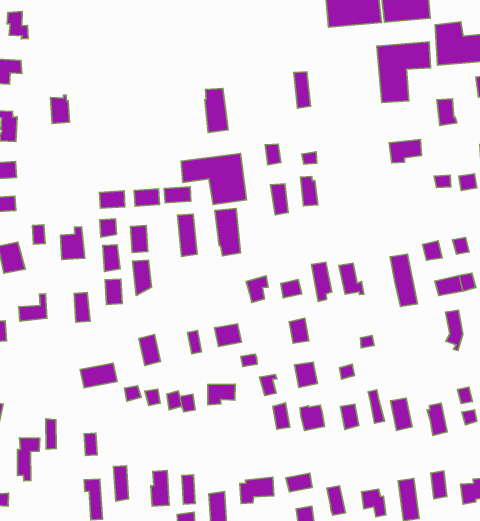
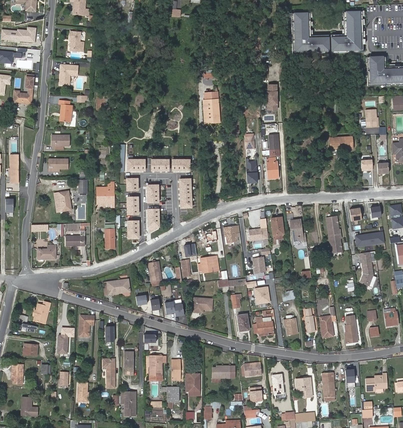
building: [377,42,431,102] -> none
building: [181,154,247,205] -> none
building: [215,209,240,256] -> none

